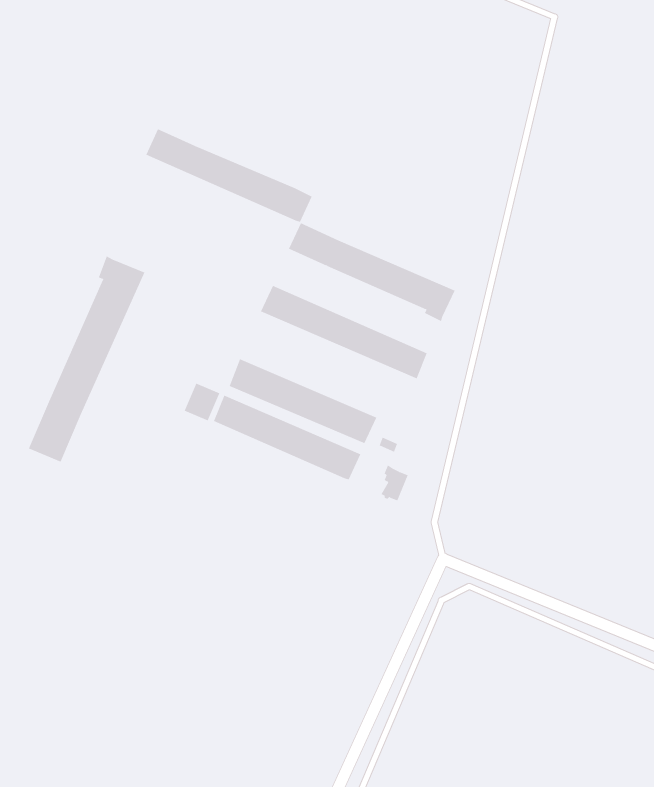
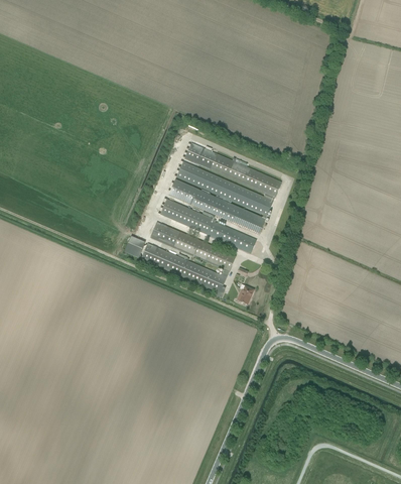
building: [145,129,313,223] -> [176,160,273,215]
building: [28,255,145,463] -> none
building: none -> [160,199,256,252]

